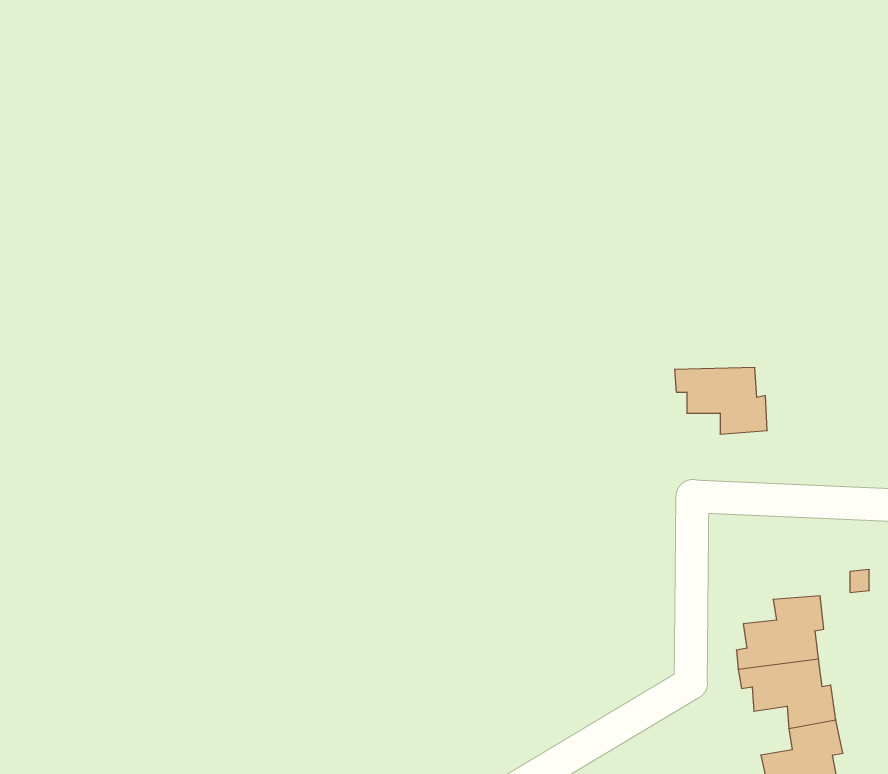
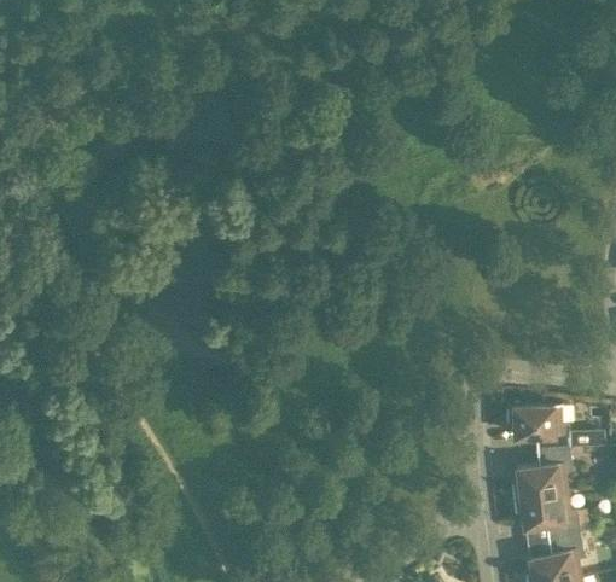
building: [675,368,767,434] -> [505,406,569,452]

